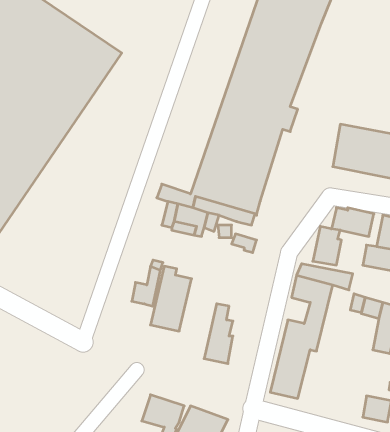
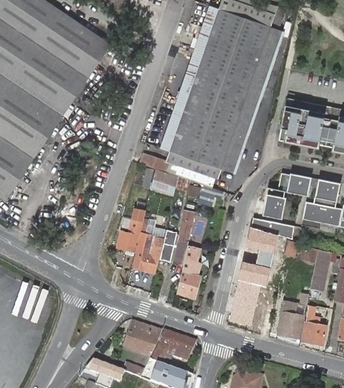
building: none -> [221,24,282,171]
building: none -> [159,214,192,267]
building: none -> [277,286,311,337]

